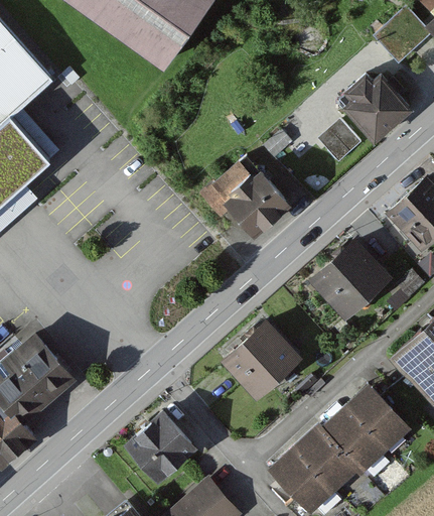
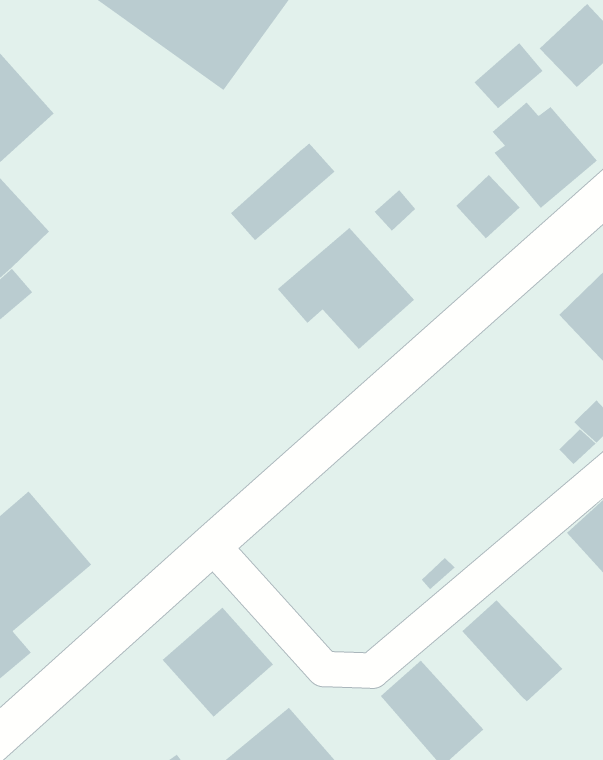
building: none -> [473,42,544,109]
building: none -> [230,142,335,241]
building: [309,238,393,320] -> none
building: [221,317,303,398] -> none
building: [346,382,413,449] -> none
building: [296,421,363,490] -> none

